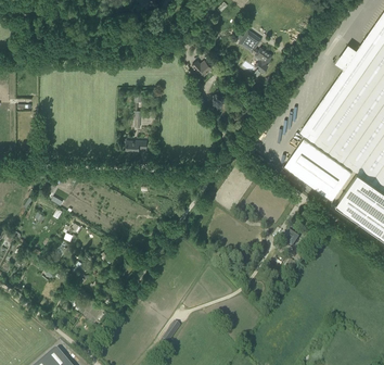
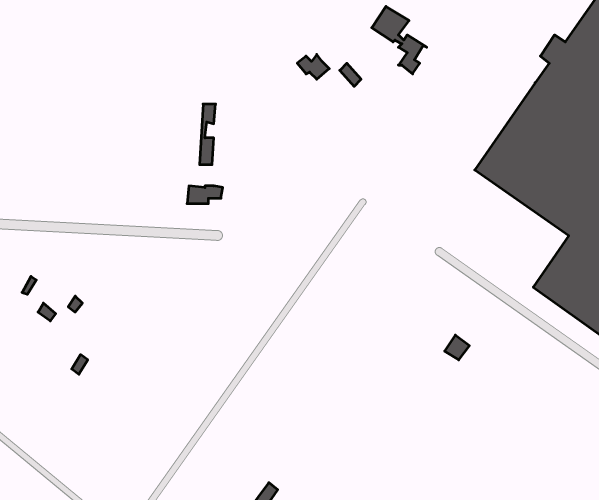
building: [284,139,353,202] -> none

